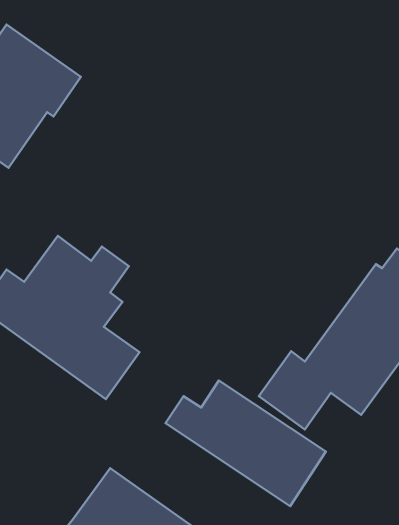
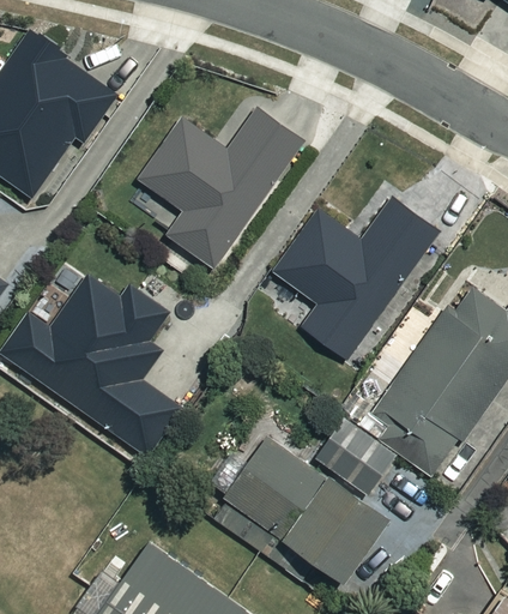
building: none -> [135,109,302,270]
building: none -> [273,198,437,357]

